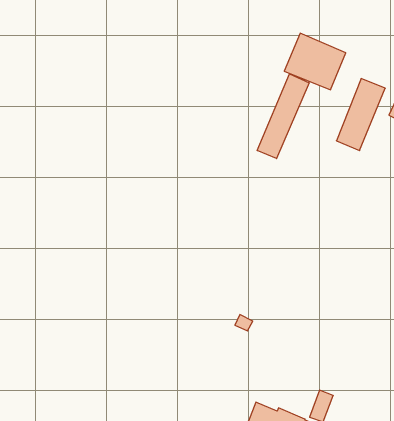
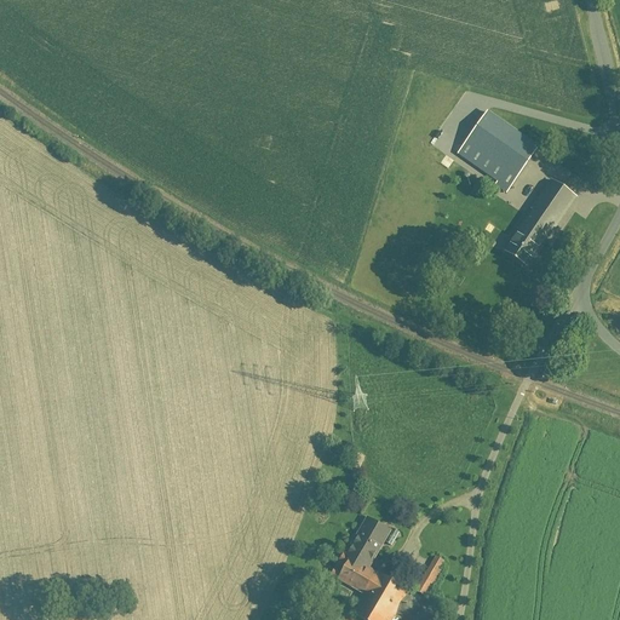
building: [257,74,309,159] -> none
building: none -> [350,515,389,558]

